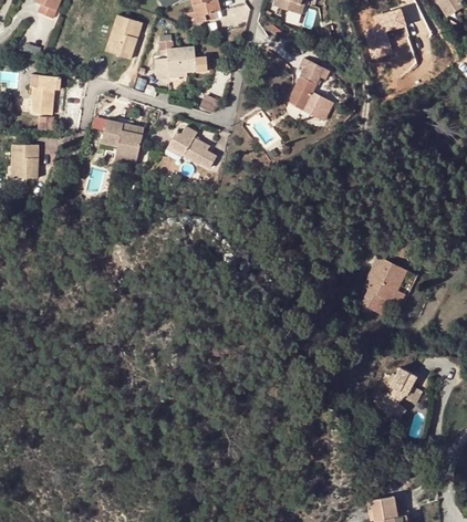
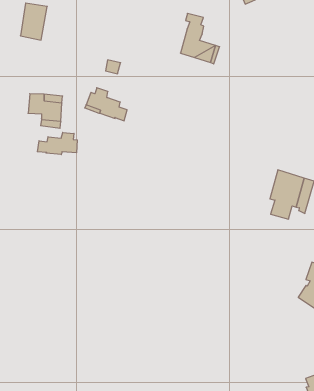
building: [154,48,206,79] -> none
building: none -> [37,132,77,155]

